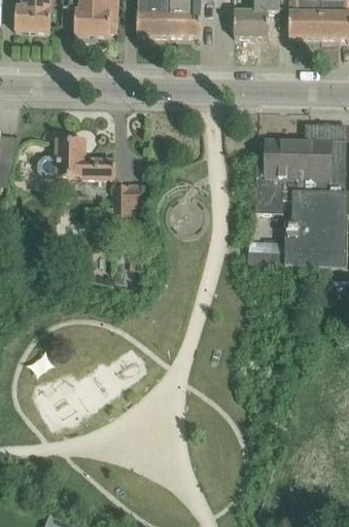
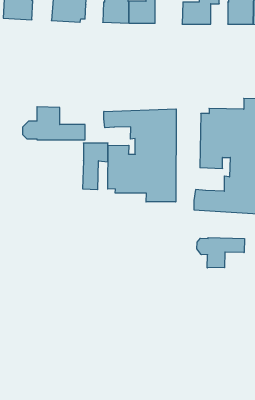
building: none -> [104,109,176,202]
building: none -> [197,238,244,268]

